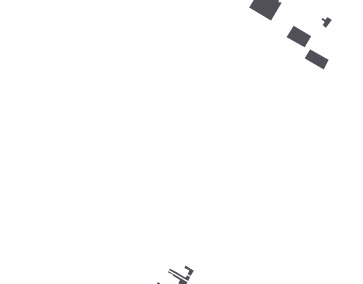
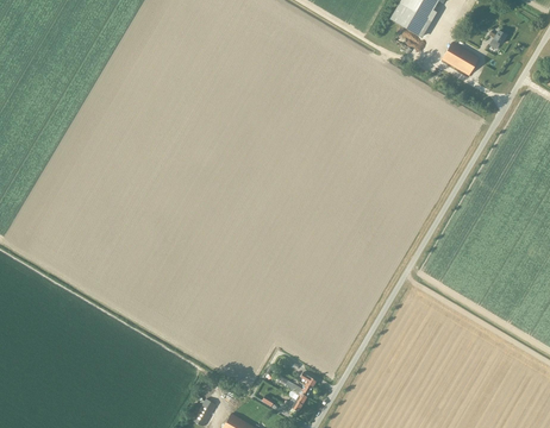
building: [304,48,329,71] -> none

